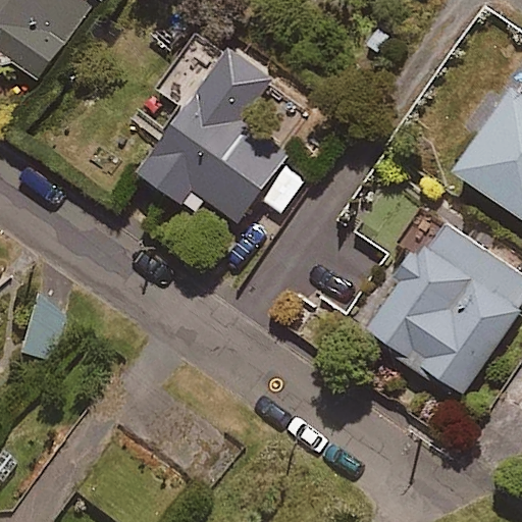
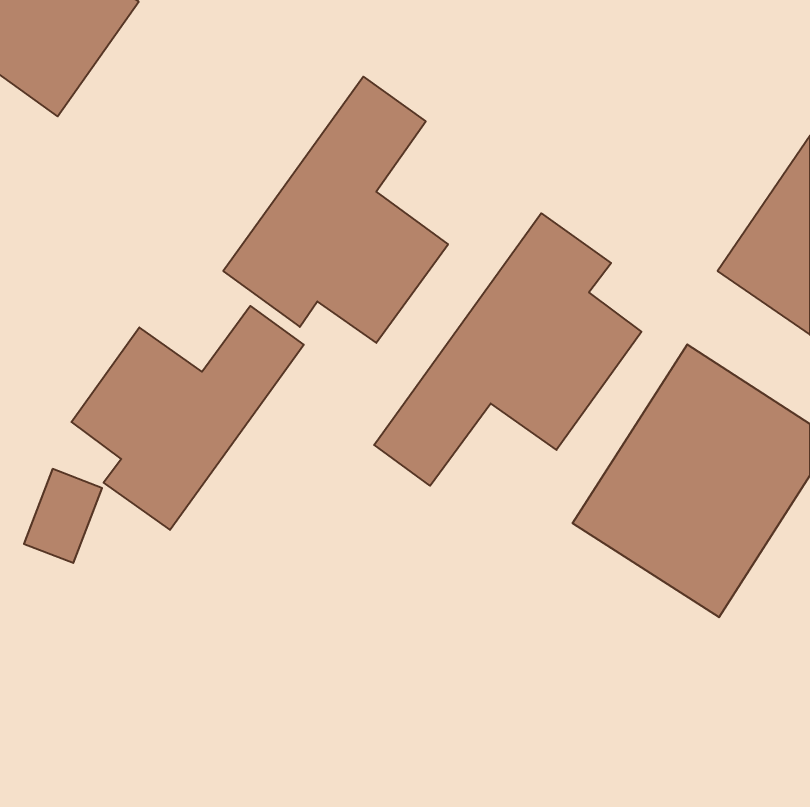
building: none -> [374,213,641,486]
building: none -> [71,306,304,530]

